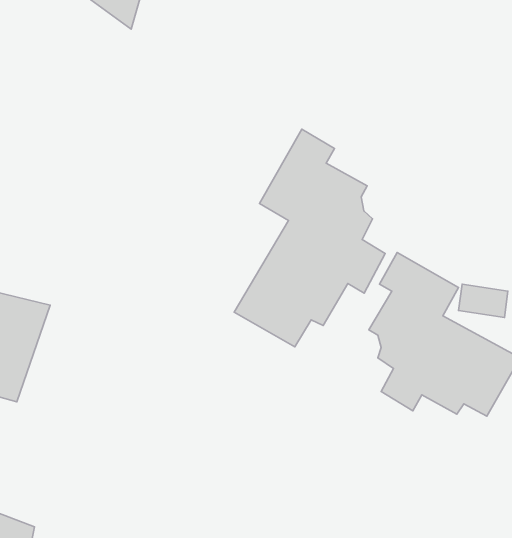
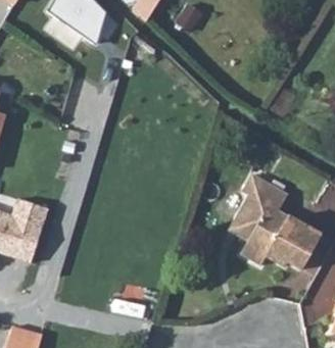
building: [234,129,385,347] -> none

